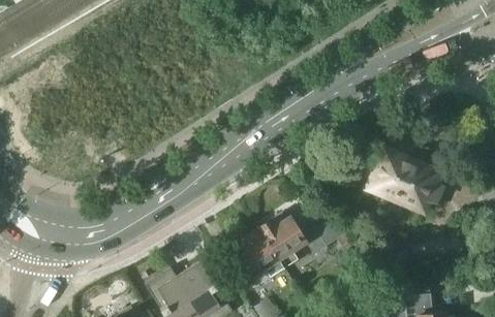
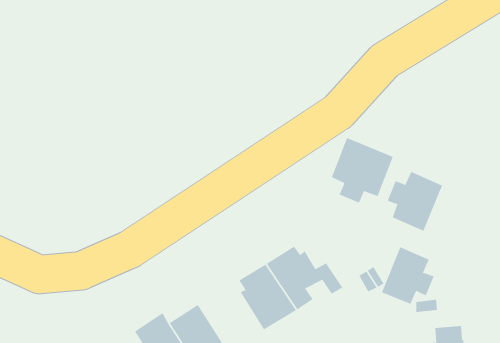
building: none -> [331,137,393,203]
building: [400,164,446,215] -> [381,246,434,305]

